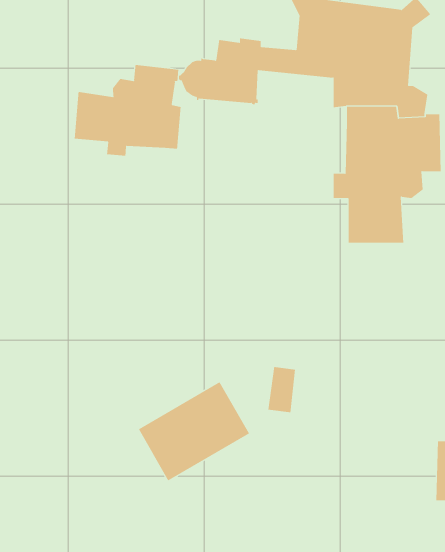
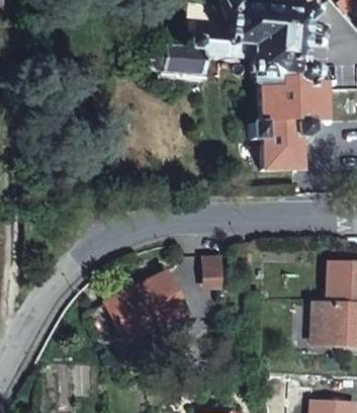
building: [74,64,181,157] -> none

